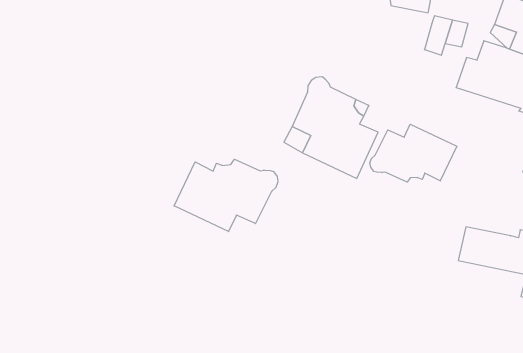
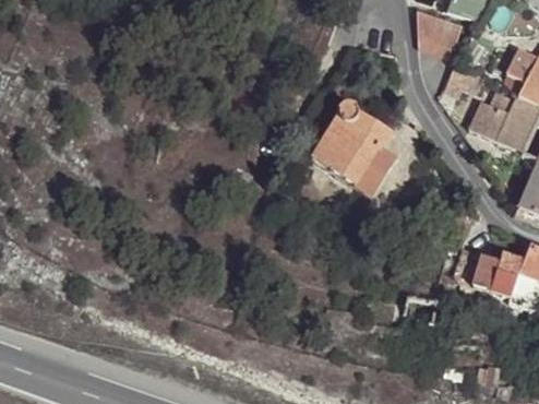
building: [370,124,457,182] -> none
building: [174,159,278,232] -> none

